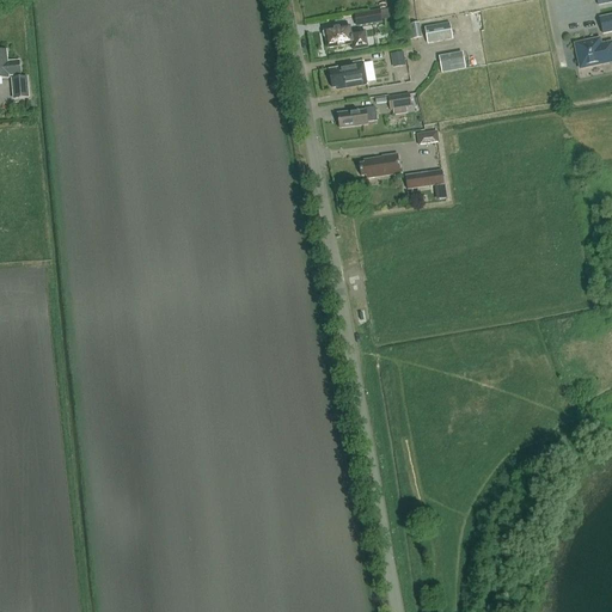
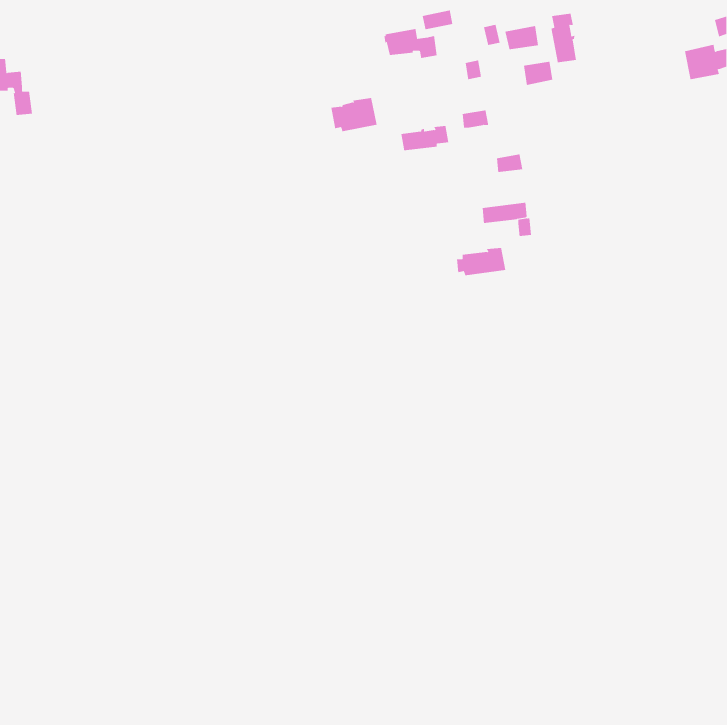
building: none -> [551,13,577,63]
building: [328,60,367,88] -> [330,98,377,132]
building: [359,153,400,177] -> [456,247,506,276]

